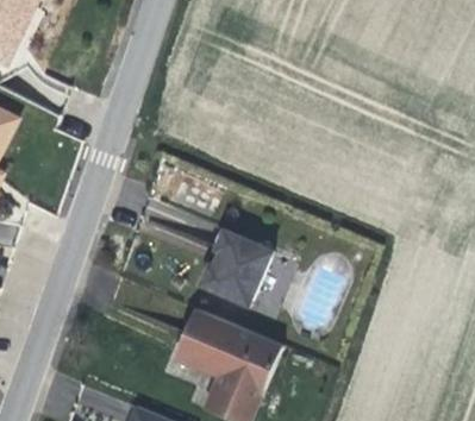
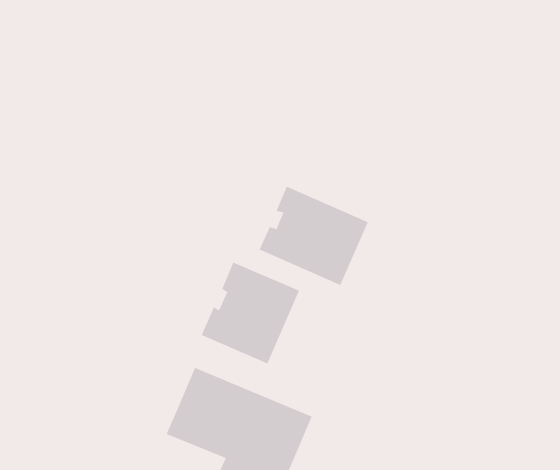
building: none -> [259,186,368,286]

